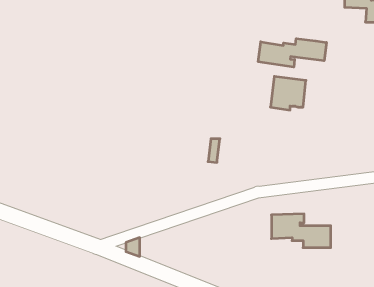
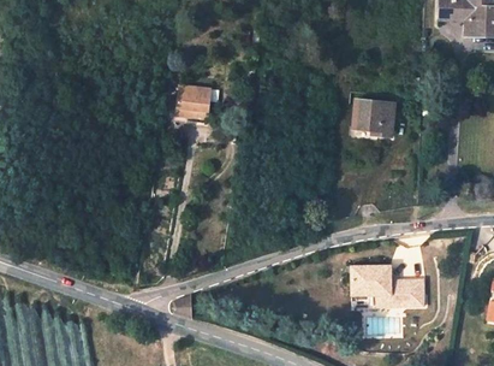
building: [258,39,326,67] -> none
building: none -> [163,94,207,120]

